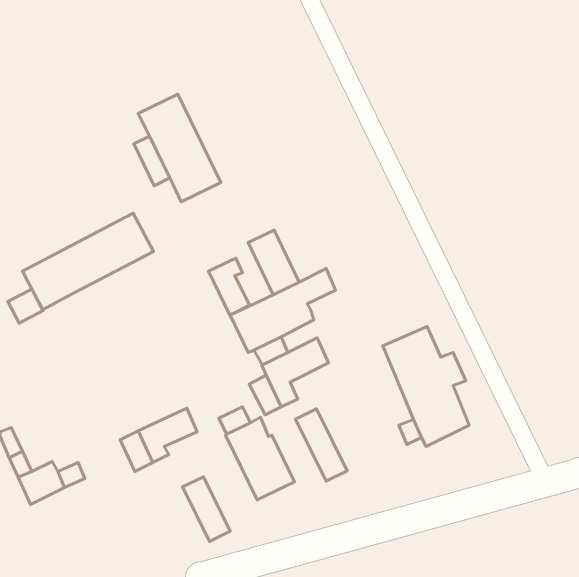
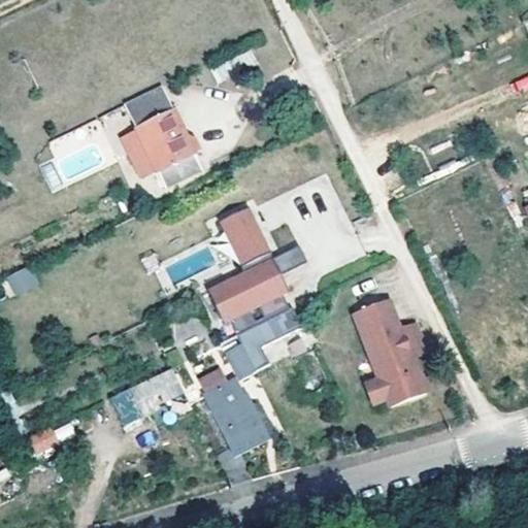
building: [22,213,153,310] -> none
building: [209,258,250,315] -> none
building: [296,409,347,481] -> none
building: [183,477,230,541] -> none

